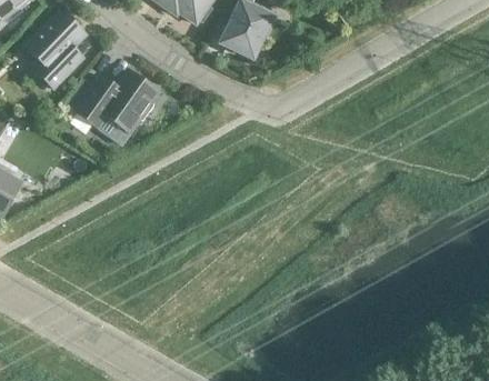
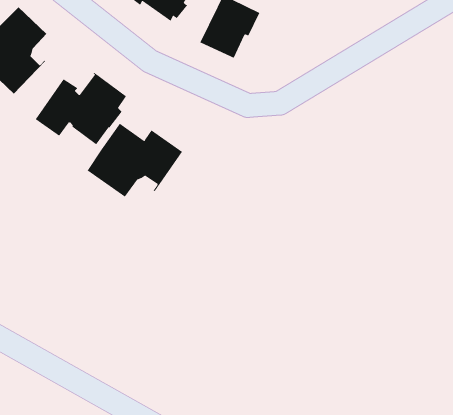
building: none -> [87,123,183,197]

